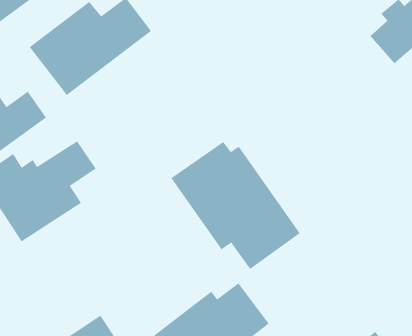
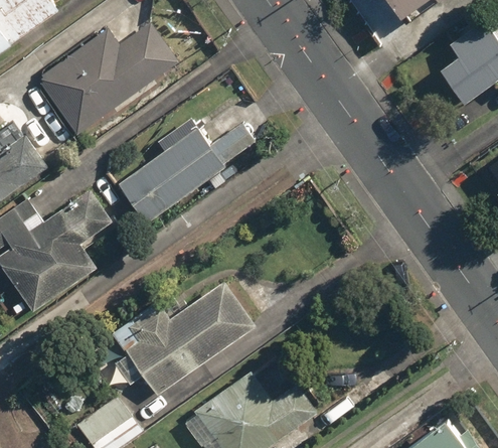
building: none -> [120,127,228,225]
building: [170,141,301,270] -> none
building: none -> [106,280,258,395]

